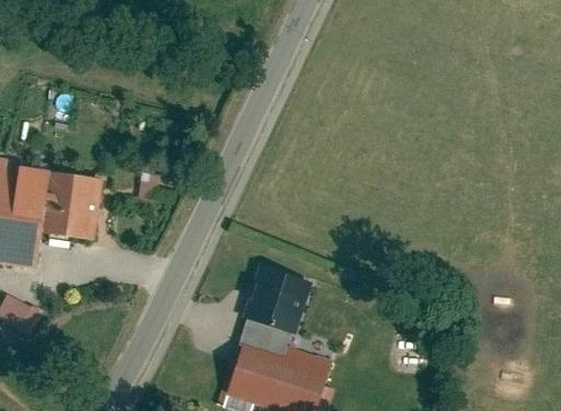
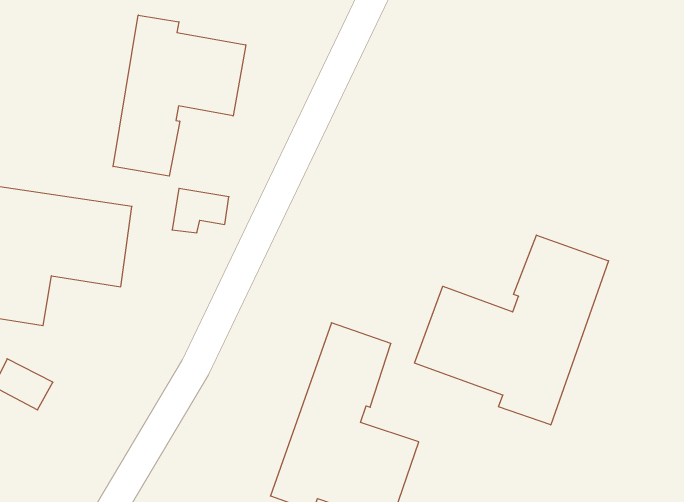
building: none -> [113,15,246,176]
building: none -> [414,235,609,425]

